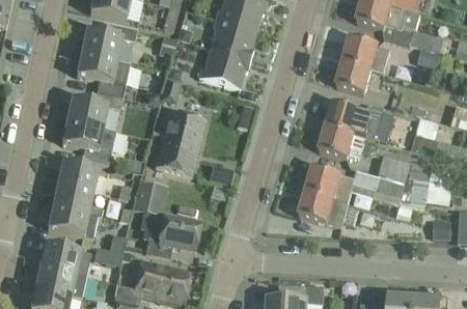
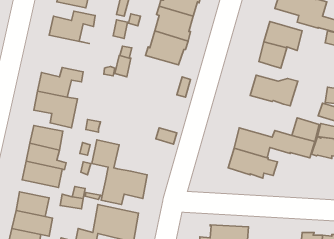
building: [77,53,130,97] -> none
building: [155,111,205,175] -> none
building: [319,127,366,159] -> none

